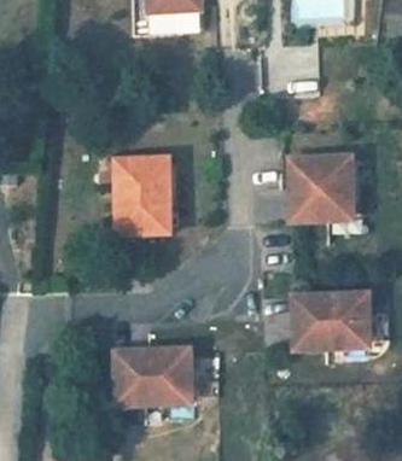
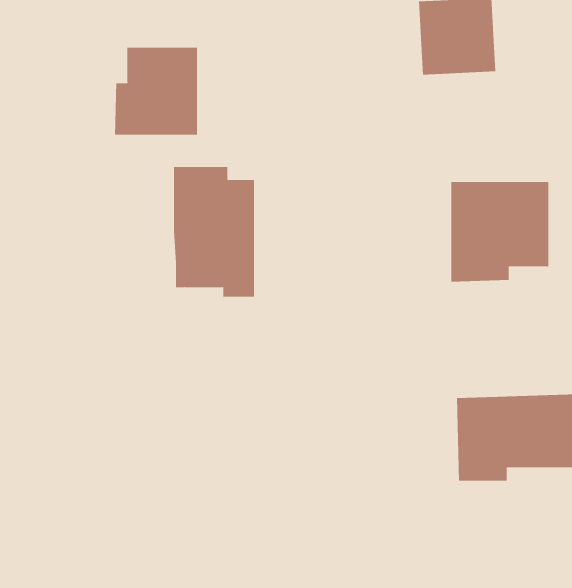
building: none -> [114,47,197,135]
building: [111,352,187,407] -> none

